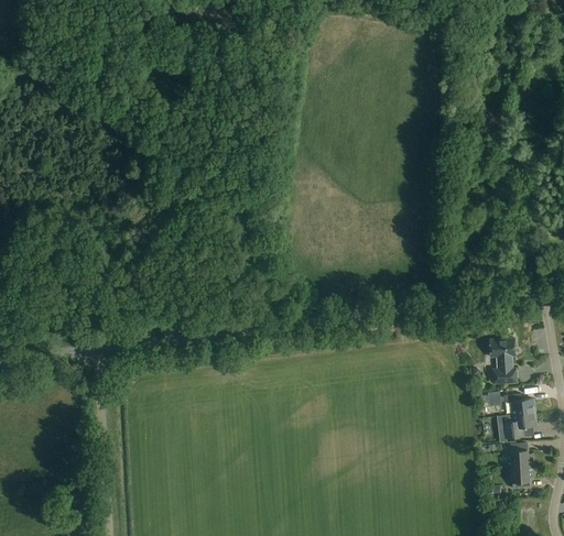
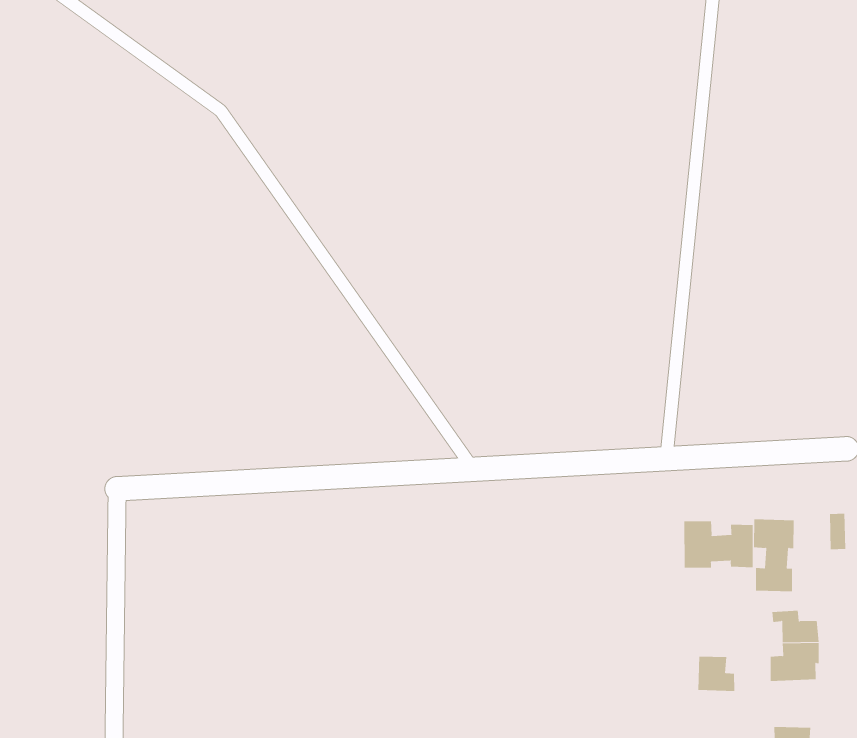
building: none -> [684,521,753,569]
building: [508,444,532,466] -> [698,656,735,691]

